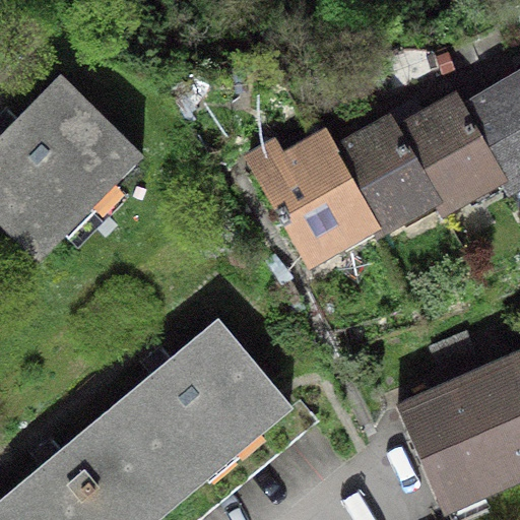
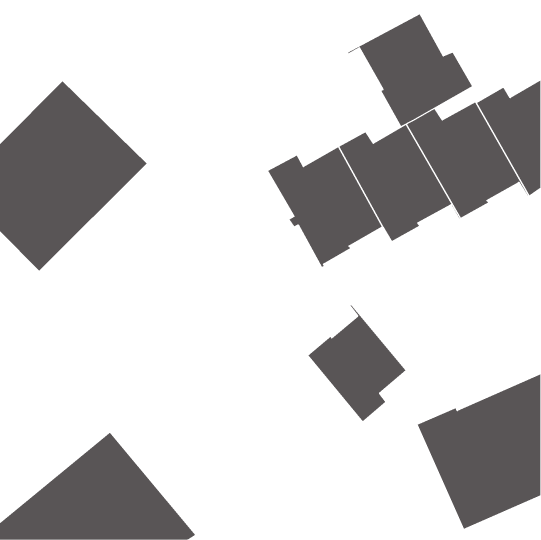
building: none -> [347,14,473,127]
building: none -> [307,304,406,422]
building: [106,320,311,512] -> none

